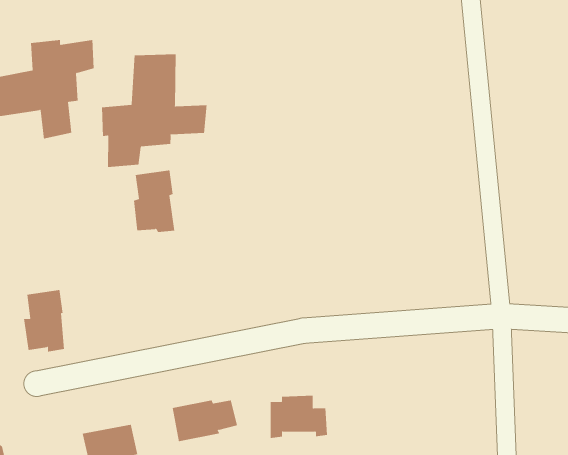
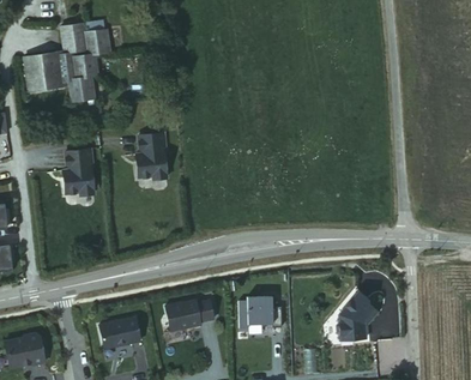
building: [102,53,207,168] -> none
building: [23,290,65,352] -> [64,147,95,194]
building: none -> [334,290,376,337]

